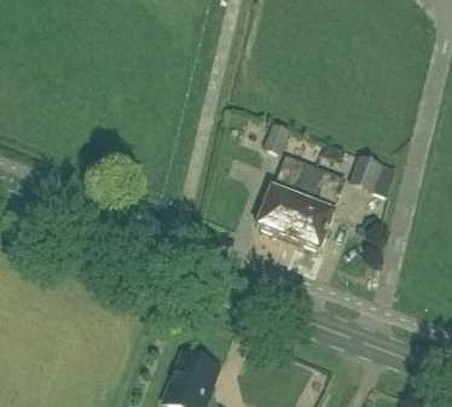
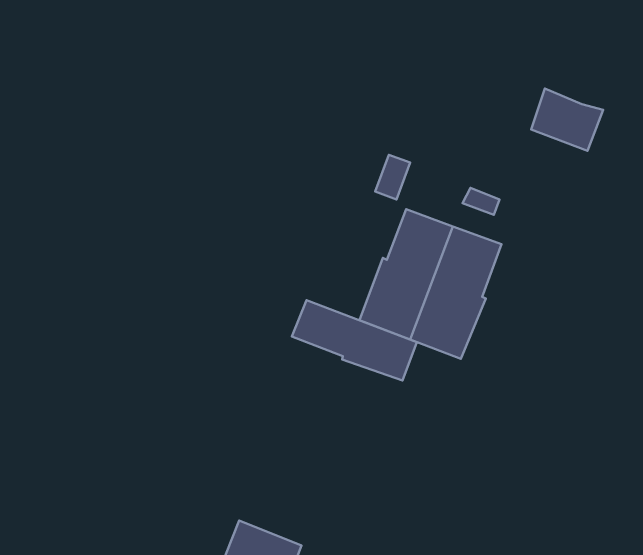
building: [349,157,394,196] -> [531,89,603,151]
building: none -> [292,300,417,380]

